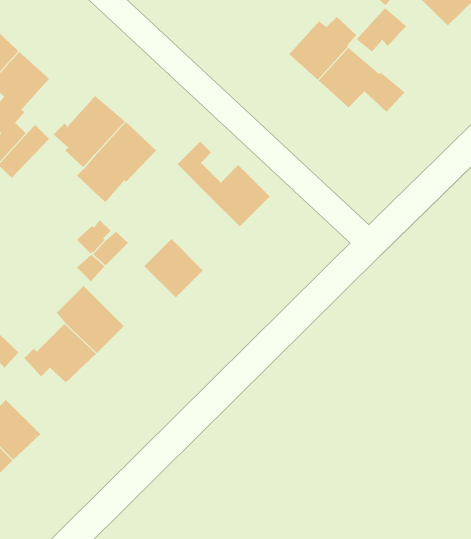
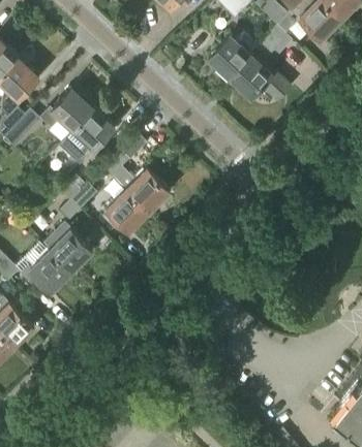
building: [177,141,271,227] -> [105,154,172,215]

